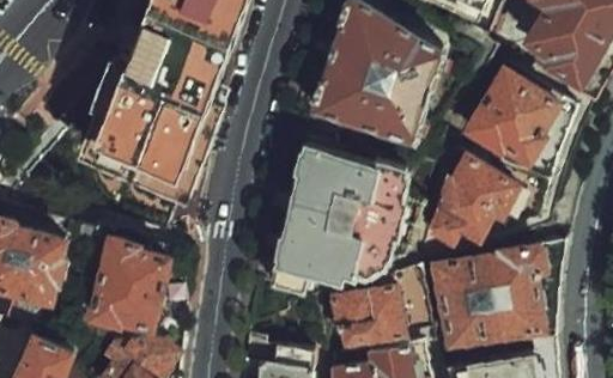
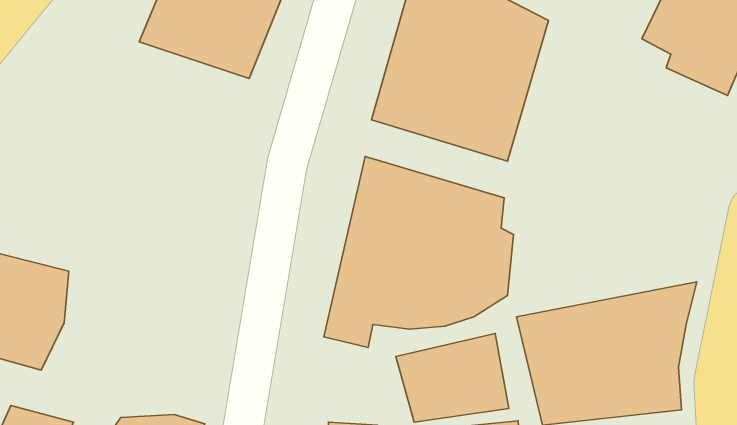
building: [79,44,226,195] -> none
building: [477,63,579,185] -> none
building: [424,159,541,248] -> none
building: [84,236,172,330] -> none

